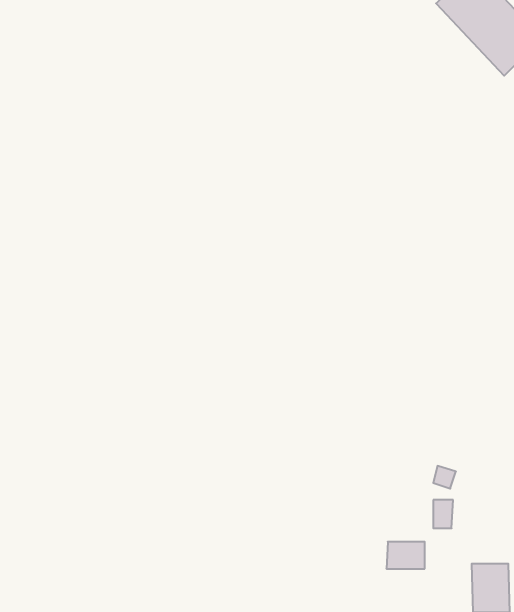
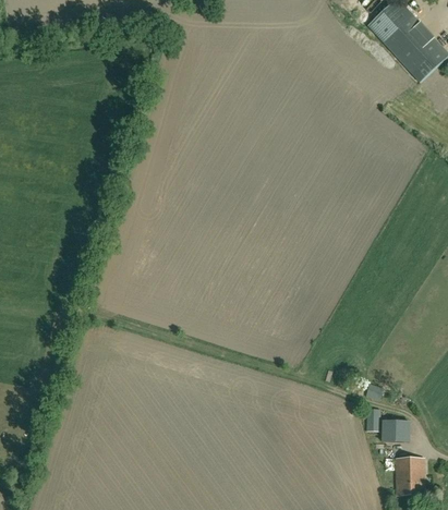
building: [386,542,425,569] -> [382,418,411,439]

